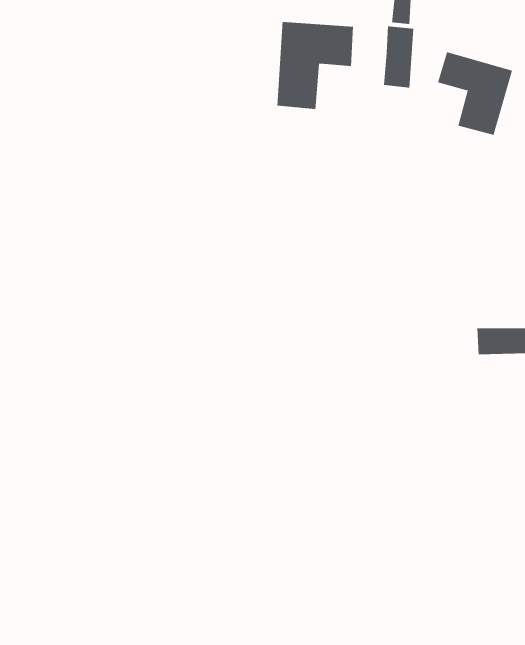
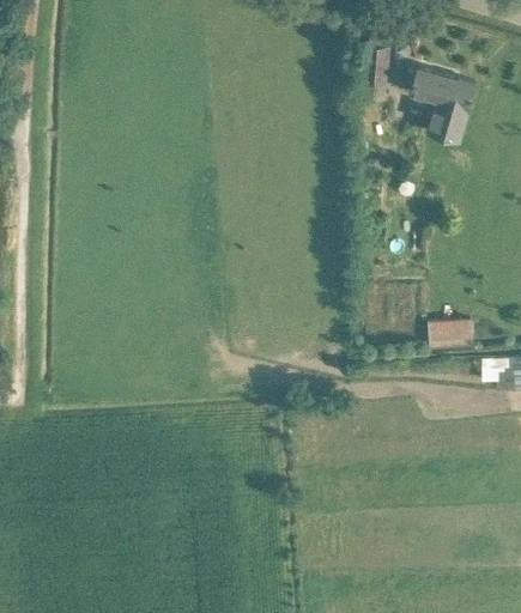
building: [277,21,354,110] -> none

